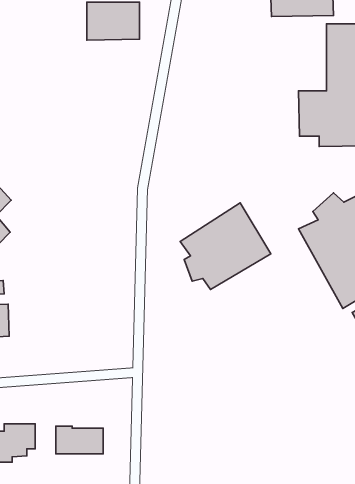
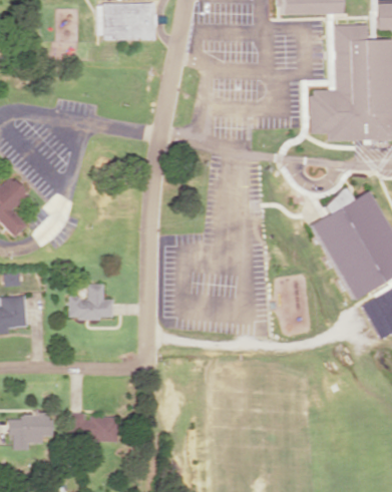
building: [180,203,271,289] -> none
building: none -> [71,285,115,320]

